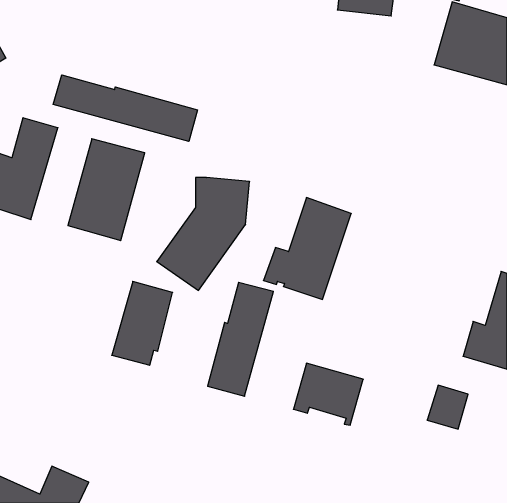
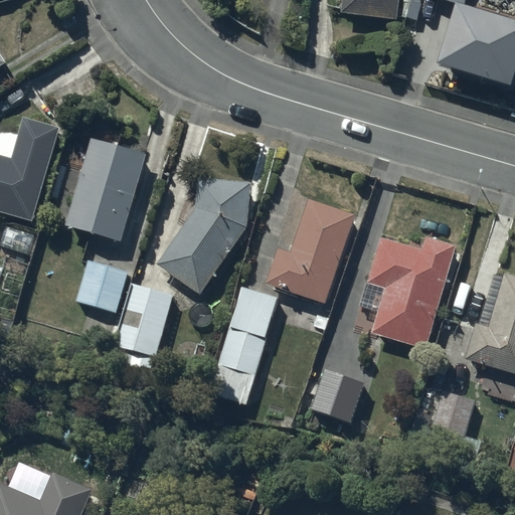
building: [53,75,198,141] -> none
building: none -> [366,237,455,348]
building: none -> [76,260,127,310]

